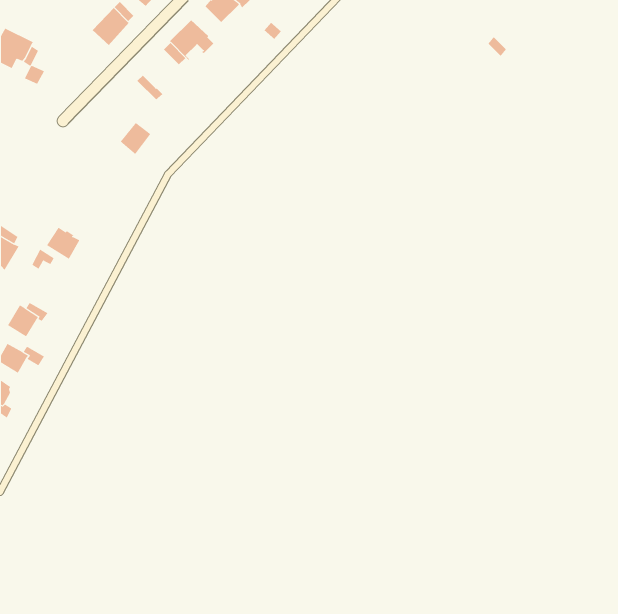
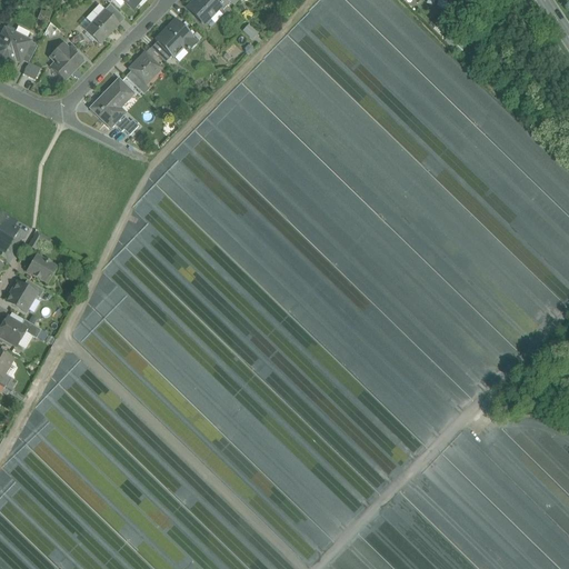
building: none -> [51,41,82,78]
building: none -> [129,50,159,81]
building: none -> [90,77,133,126]
building: [46,227,80,260] -> [26,252,57,282]

